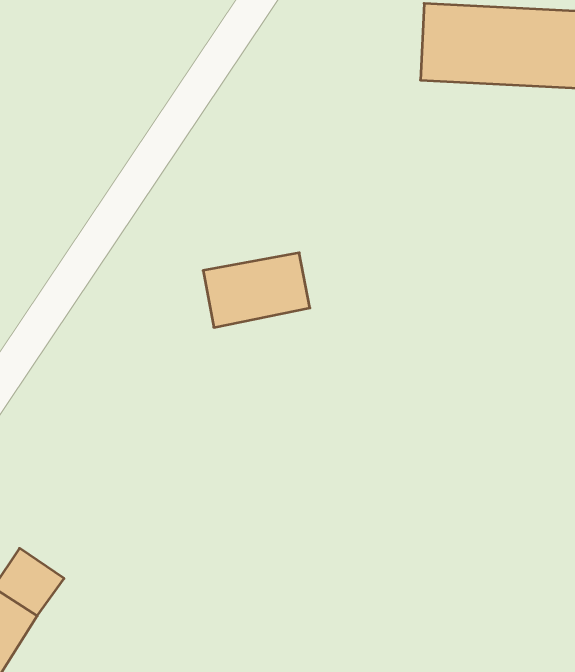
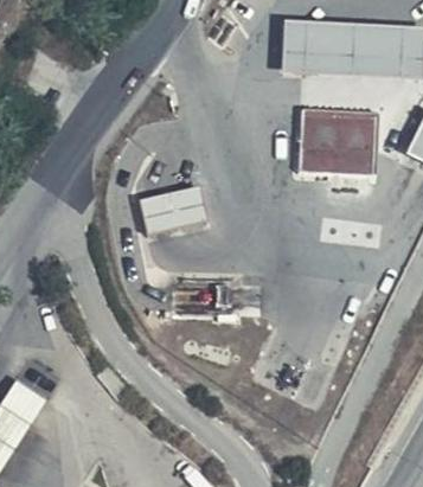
building: none -> [300,110,377,168]

